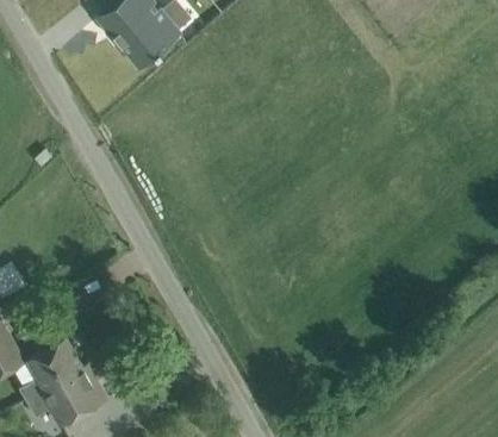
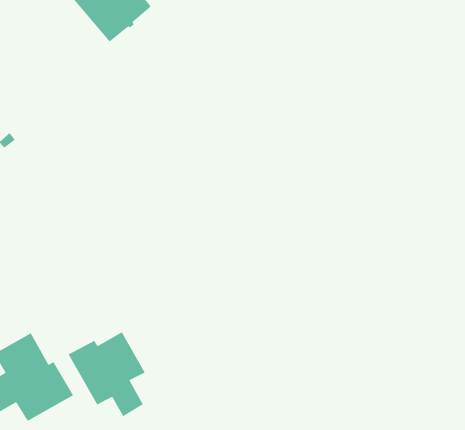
building: none -> [68,331,146,417]

